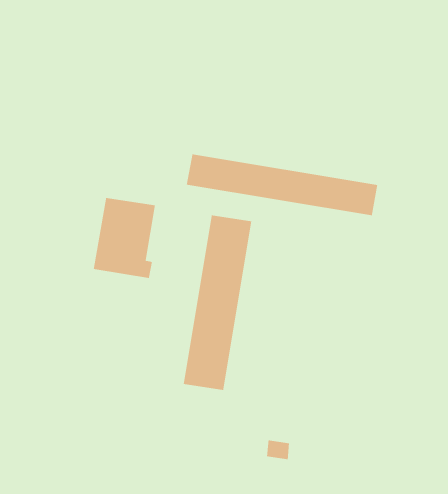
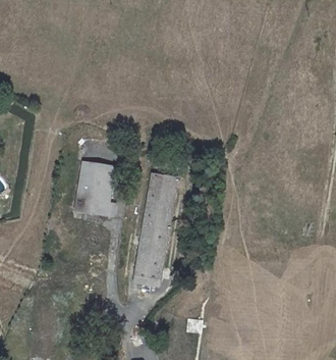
building: [186,154,378,216] -> none

